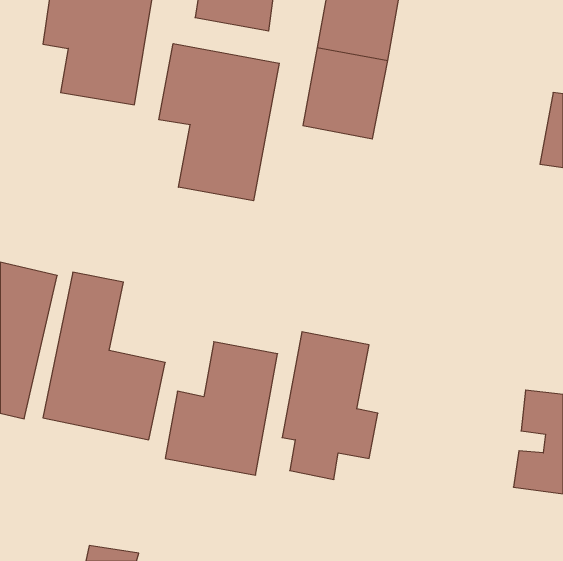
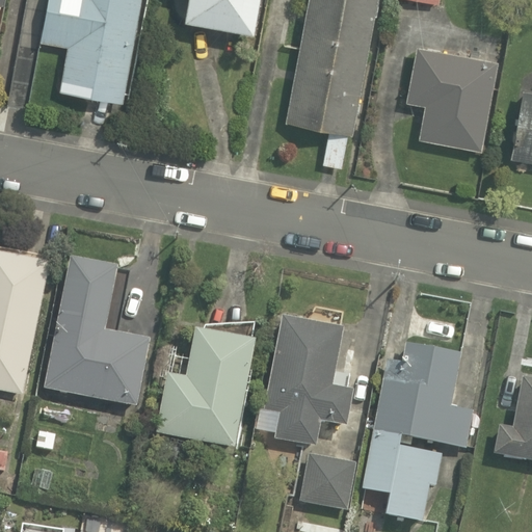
building: [159,44,279,201] -> none
building: none -> [405,44,497,147]
building: none -> [361,337,475,523]
building: none -> [300,454,353,507]

